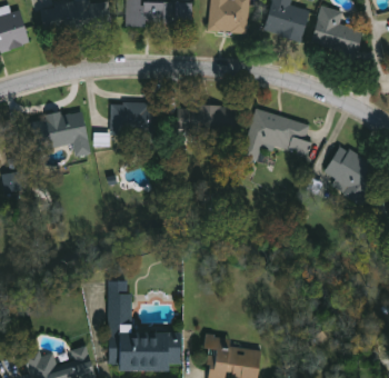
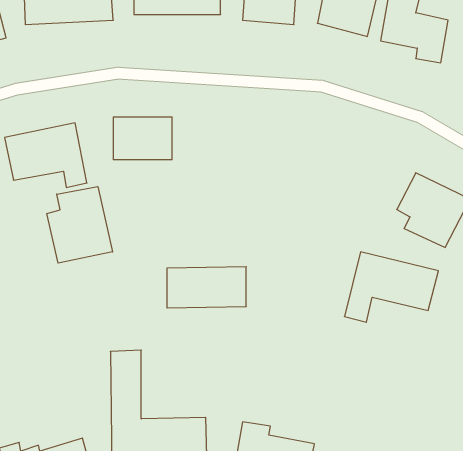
building: [178,106,238,137] -> [167,267,246,308]
building: [242,110,313,163] -> [344,252,438,322]
building: none -> [47,187,113,263]

